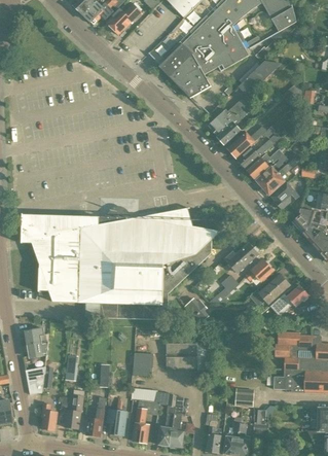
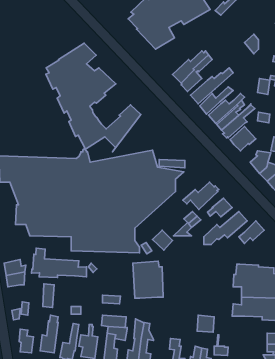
building: [238,60,286,94] -> none
building: none -> [46,43,141,152]
building: none -> [31,248,86,277]

